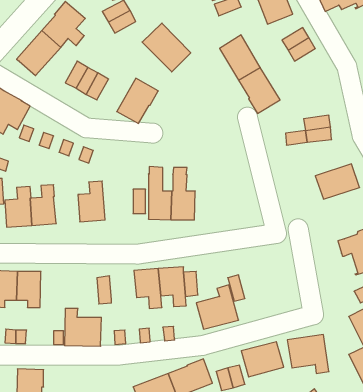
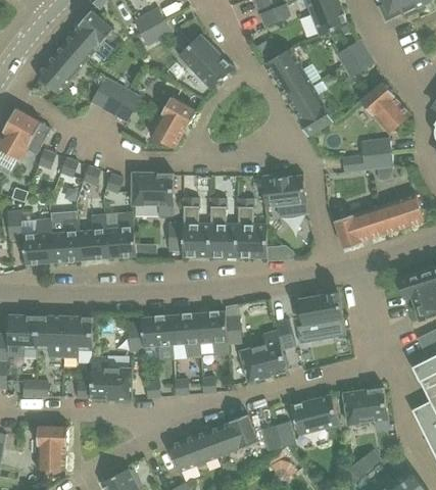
building: none -> [359,81,409,133]
building: none -> [132,172,173,214]
building: none -> [261,174,306,215]
building: none -> [237,197,267,256]
building: none -> [334,206,383,247]
building: none -> [78,214,107,260]
building: none -> [296,291,345,343]
building: none -> [141,313,173,358]
building: none -> [62,314,92,356]

